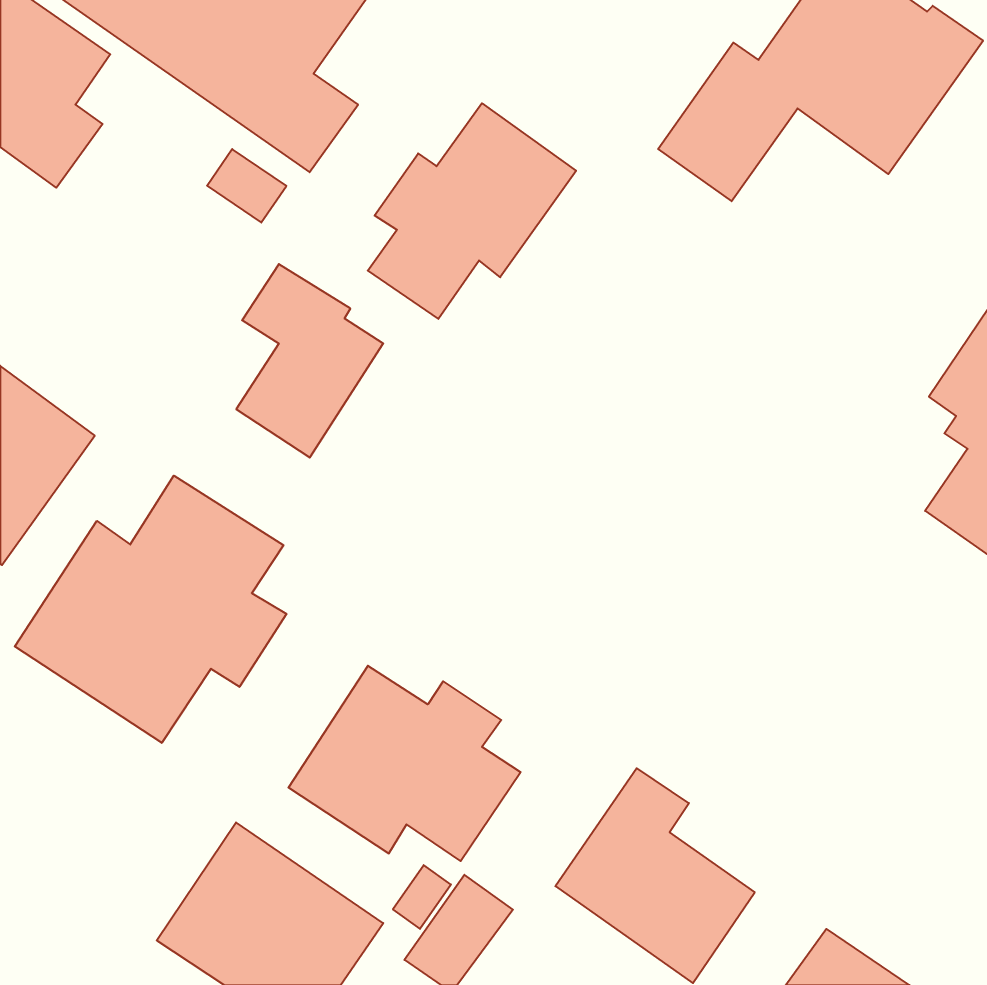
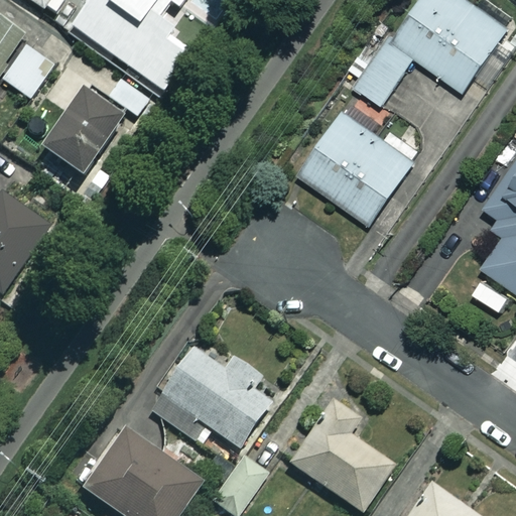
building: [368,103,576,319] -> none
building: none -> [298,110,421,223]
building: [236,264,383,458] -> [42,74,119,174]
building: [15,476,286,743] -> none

